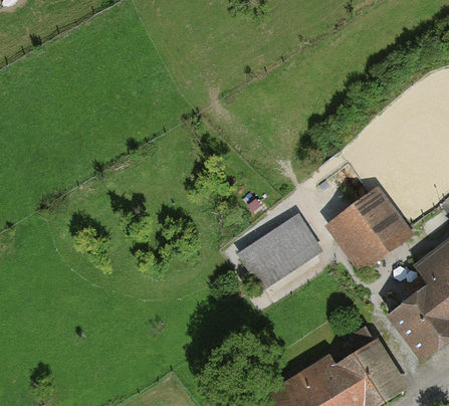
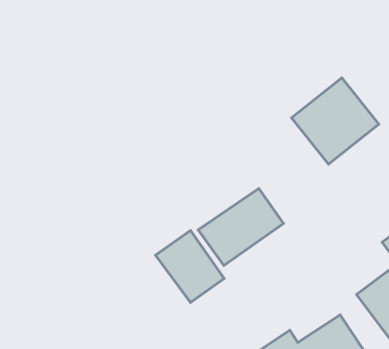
building: [326,189,412,273] -> [292,78,379,164]
building: none -> [155,231,224,302]

